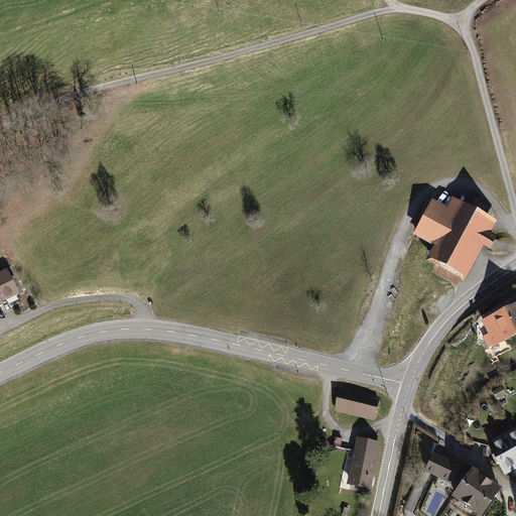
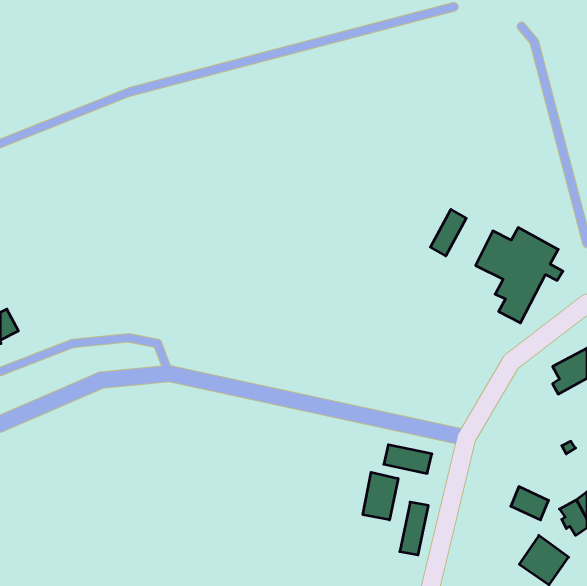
building: none -> [430,209,466,256]
building: none -> [363,472,398,520]
building: [426,453,460,482] -> [511,487,549,520]

